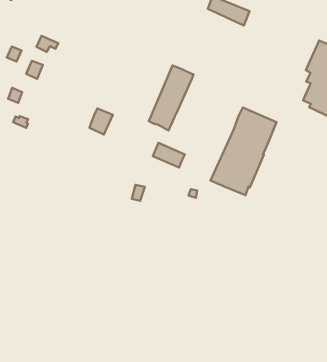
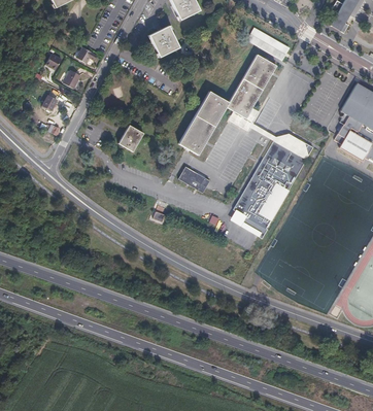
building: none -> [149,26,179,56]
building: none -> [227,54,277,117]

